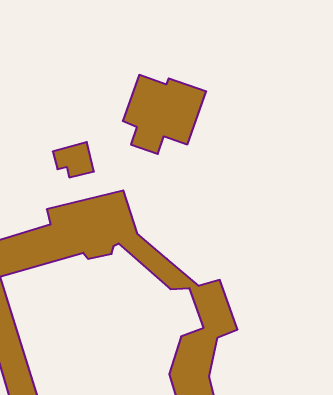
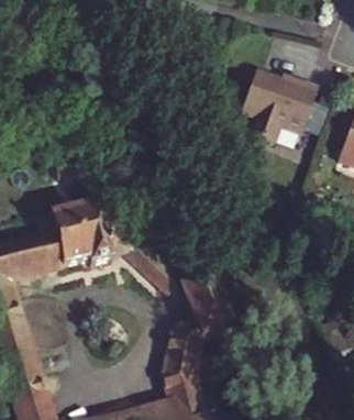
building: [123,75,206,154] -> [239,71,317,145]

